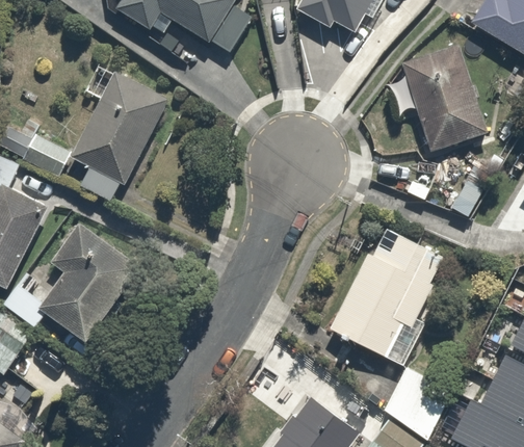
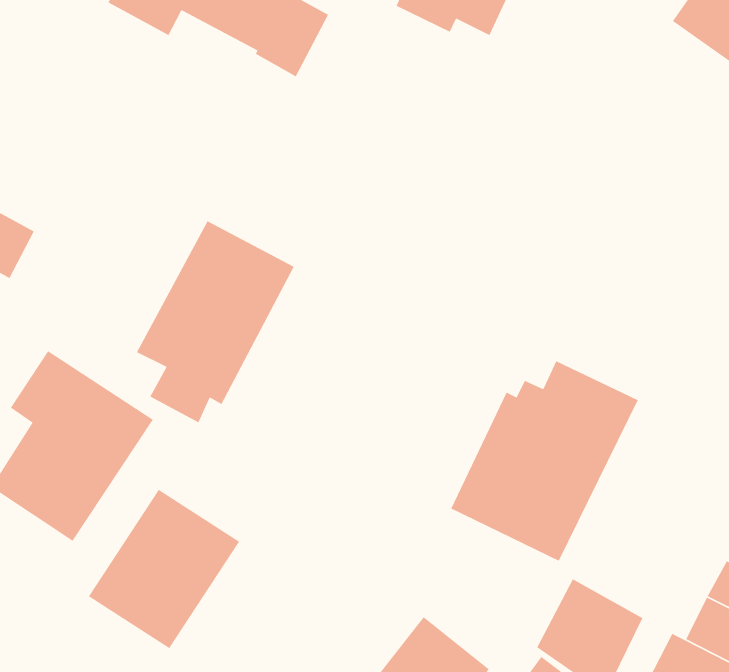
building: [386,45,481,140] -> none
building: [75,71,175,199] -> [136,220,295,423]
building: none -> [88,489,240,649]

